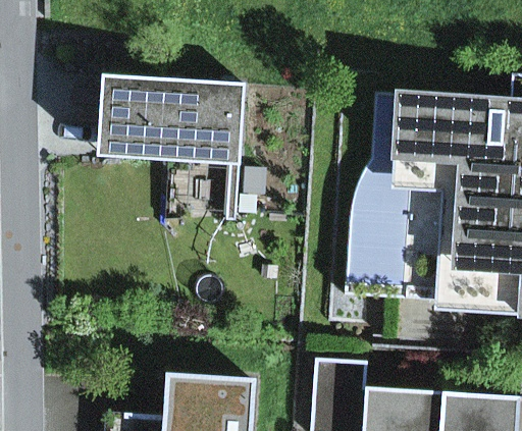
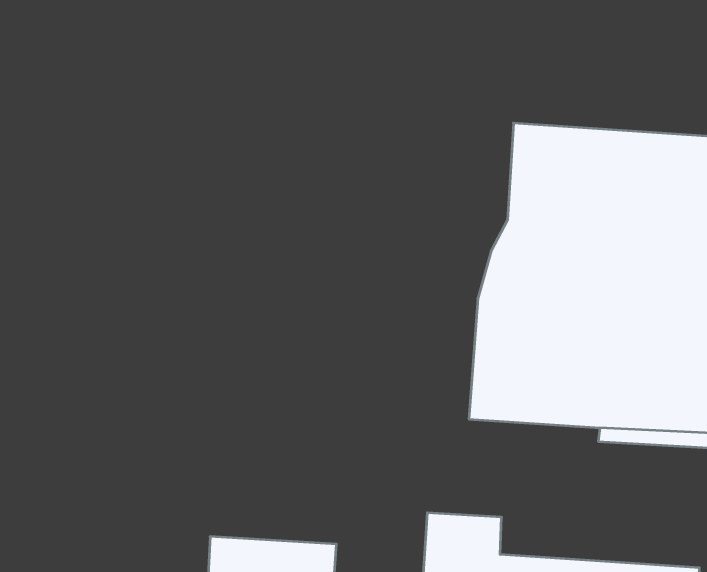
building: [99,74,247,164] -> none

